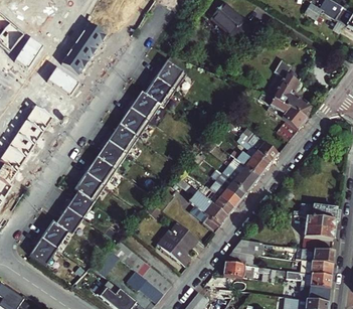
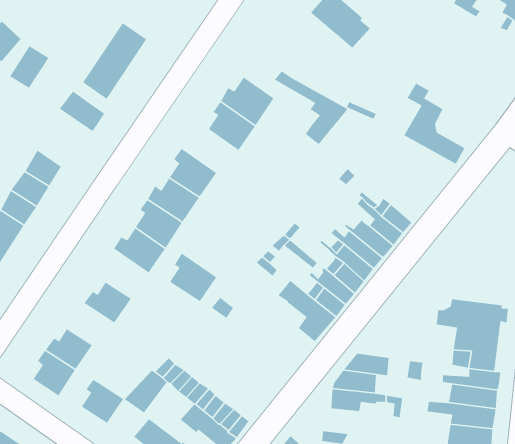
building: [128,92,162,122] -> none
building: [258,93,307,141] -> [274,71,348,145]
building: [75,171,107,203] -> [169,252,217,302]
building: [56,206,84,236] -> [81,379,124,424]
building: [163,224,197,265] -> none

